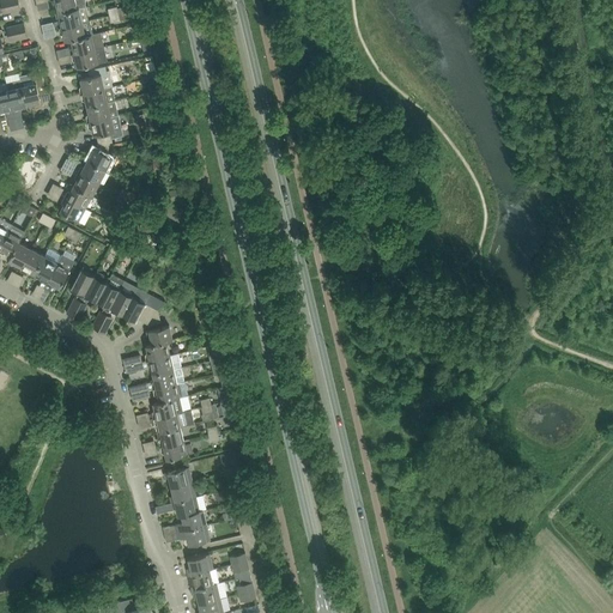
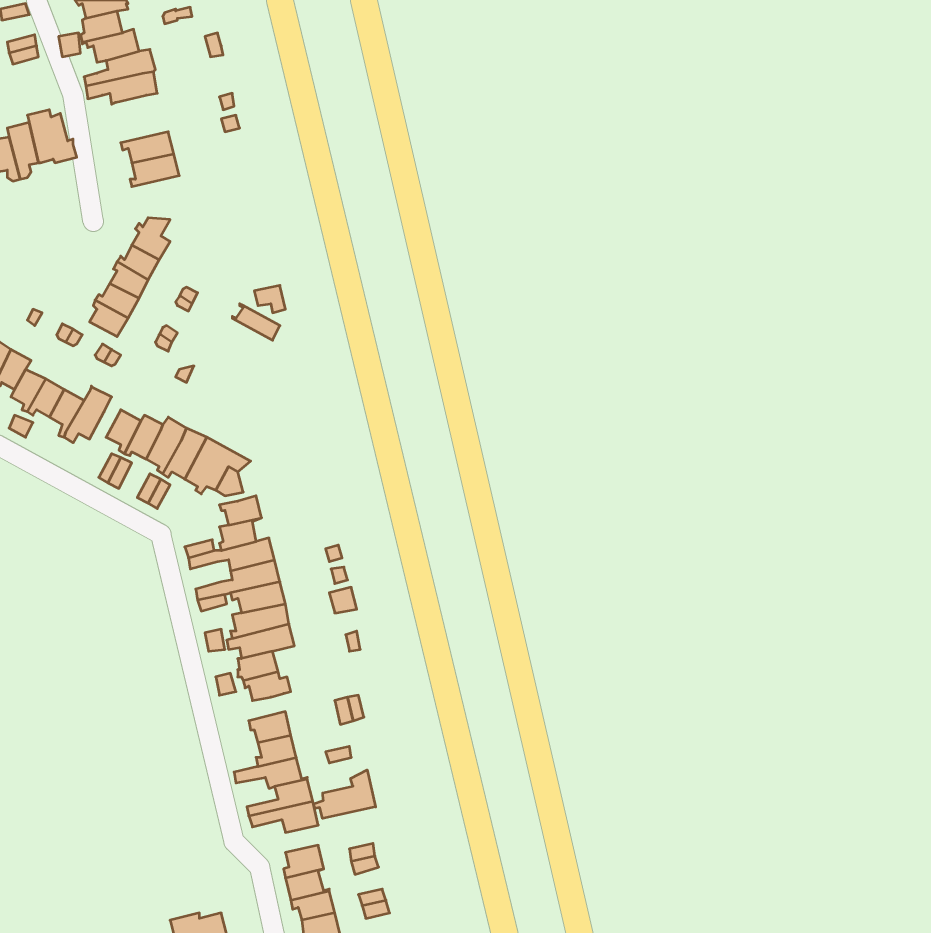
building: [78,66,111,95] -> none
building: [86,116,122,145] -> none
building: none -> [313,770,376,818]

